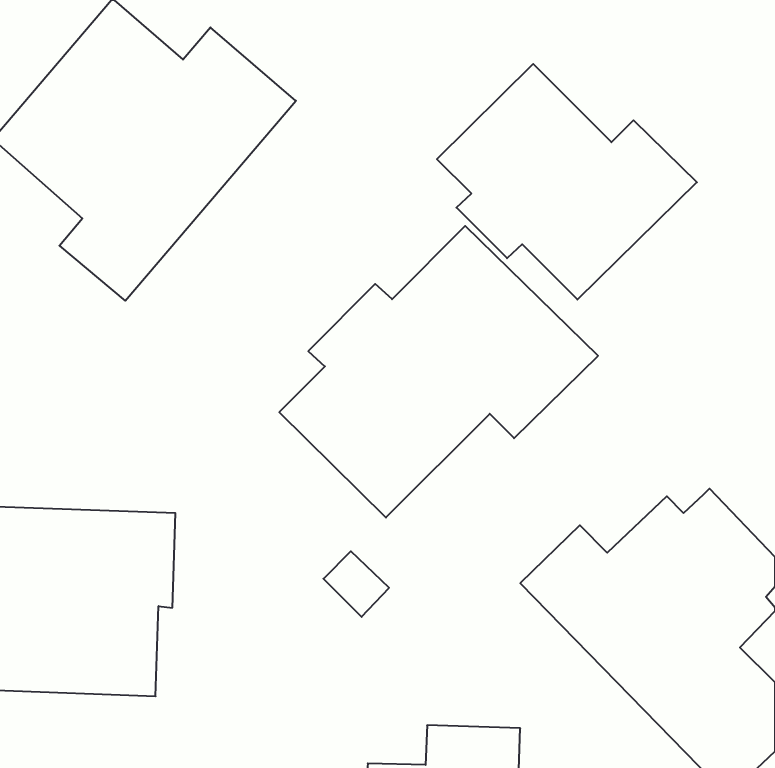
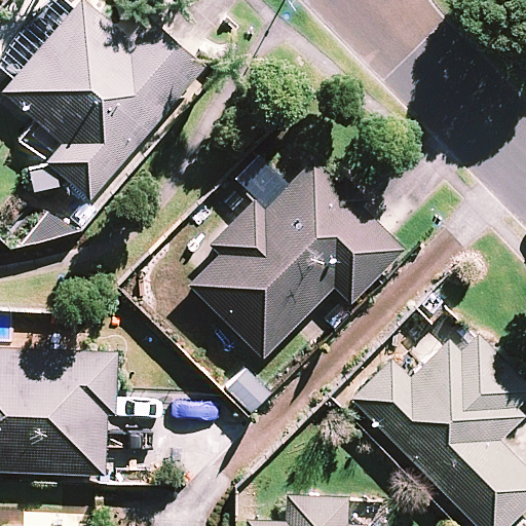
building: [437,64,697,300] -> none

